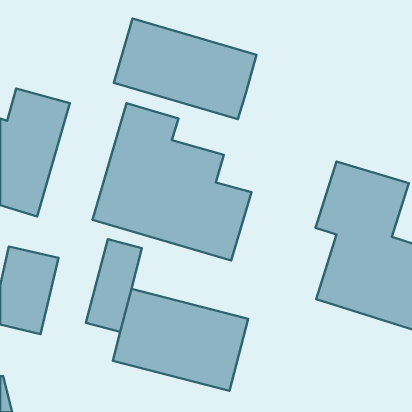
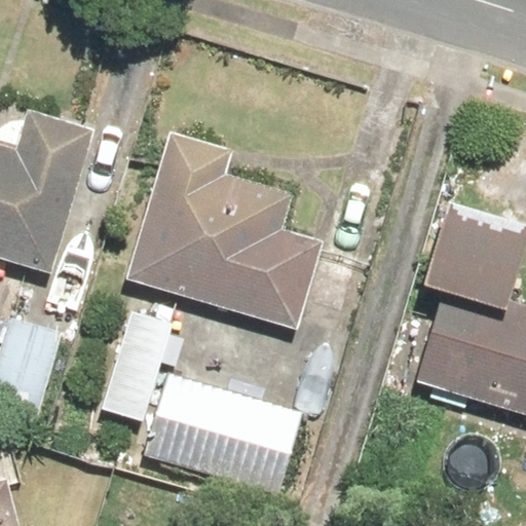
building: [114,18,257,119] -> none

